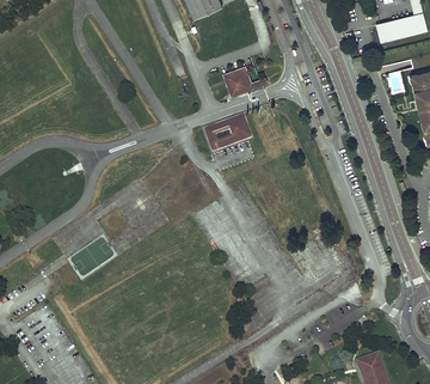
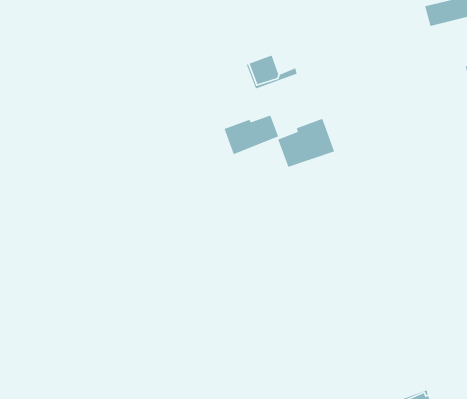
building: none -> [277,118,335,168]

